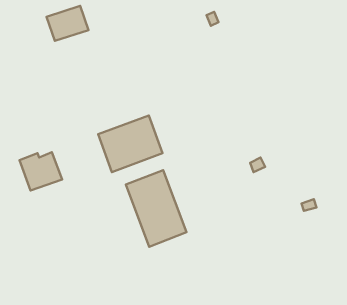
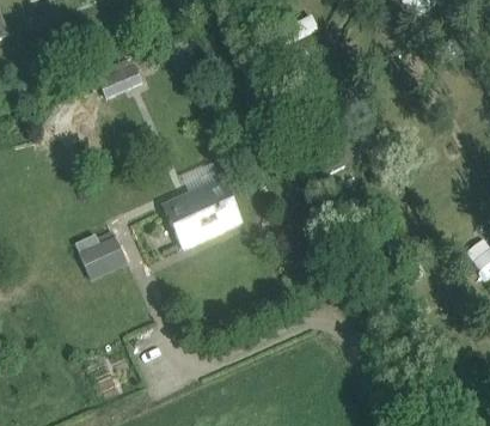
building: [126,170,186,247] -> none

